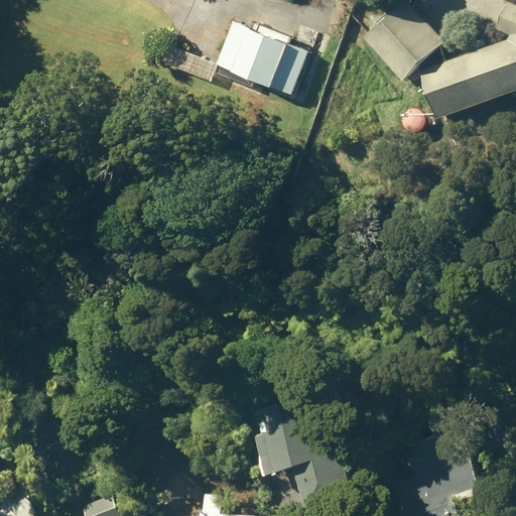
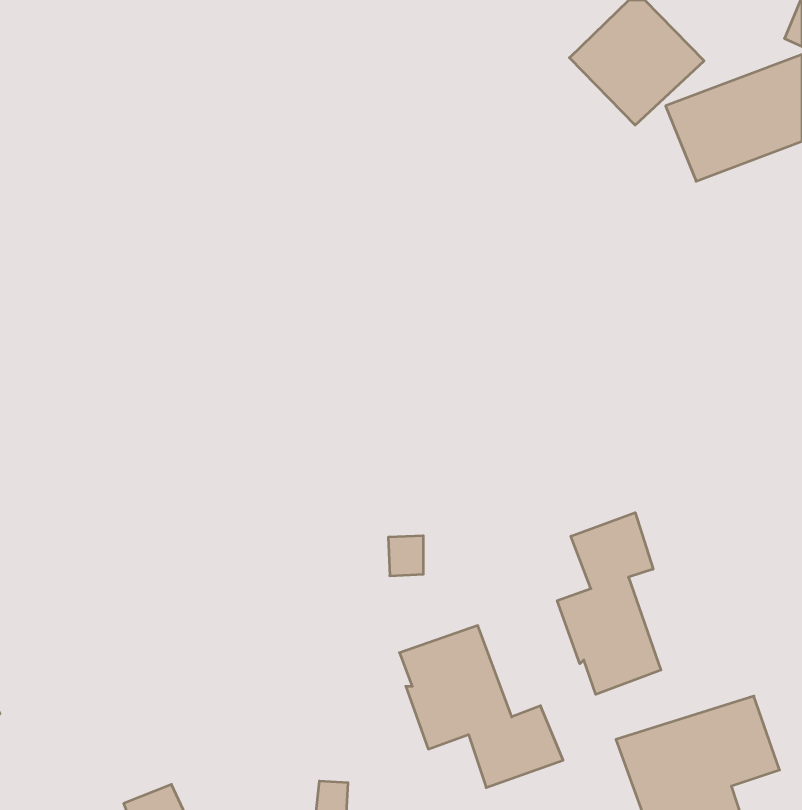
building: [211,21,306,96] -> none
building: none -> [557,513,661,694]

